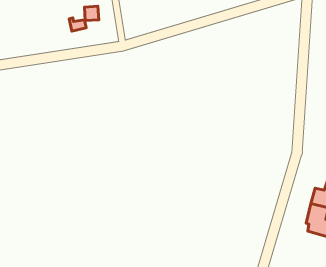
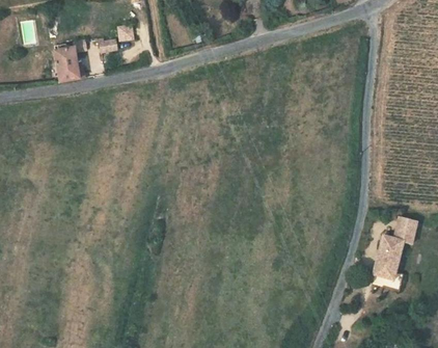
building: none -> [55,45,80,80]

